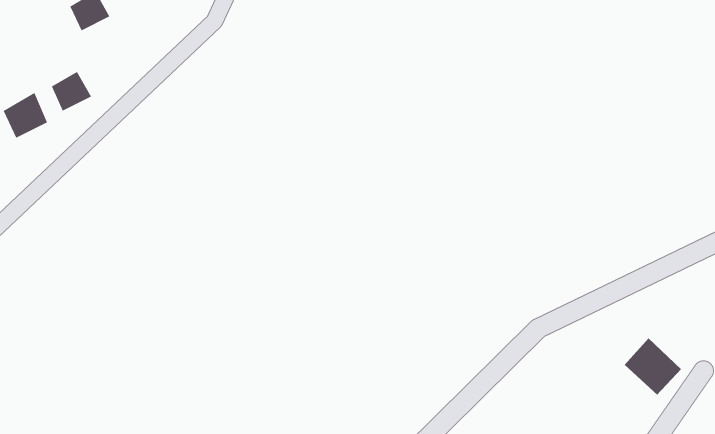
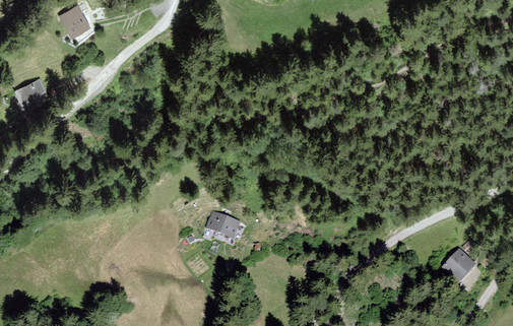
building: [51,71,92,112] -> none
building: none -> [208,210,245,240]

